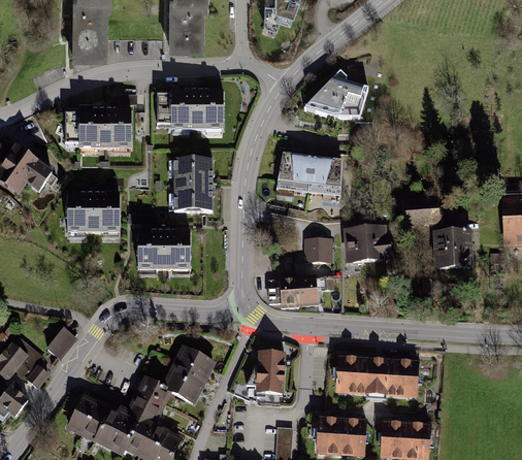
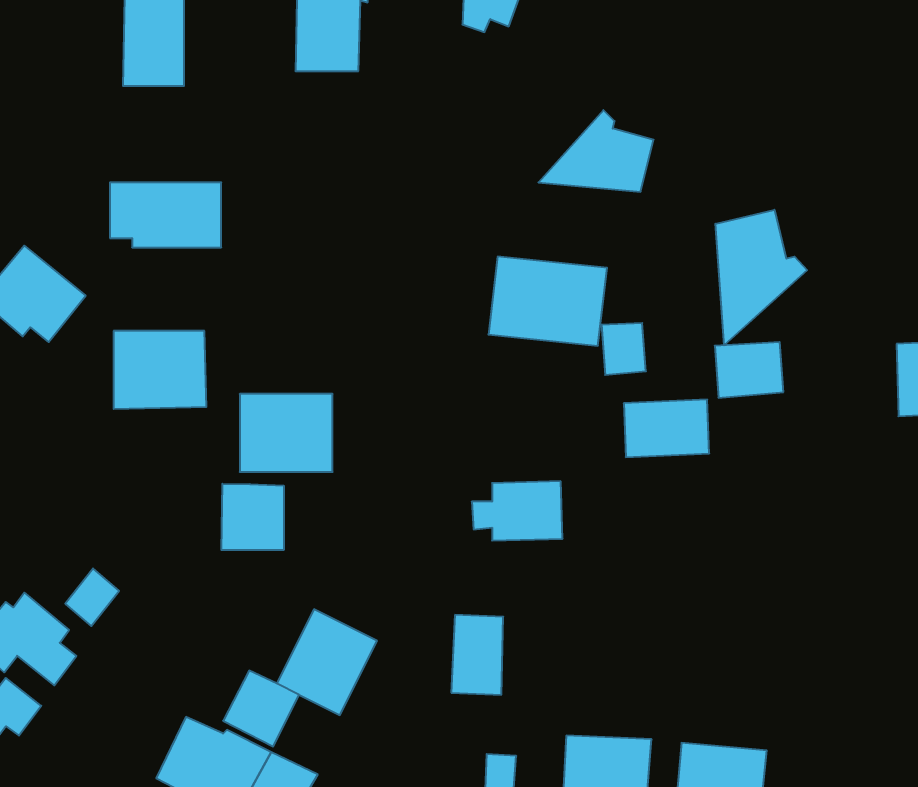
building: [157,92,219,128] -> none
building: none -> [715,210,807,345]
building: [171,158,213,211] -> none
building: [435,227,471,269] -> none
building: [304,235,329,264] -> [601,323,646,375]
building: none -> [221,484,284,550]
building: [337,355,419,398] -> none
building: [65,393,108,440] -> none

